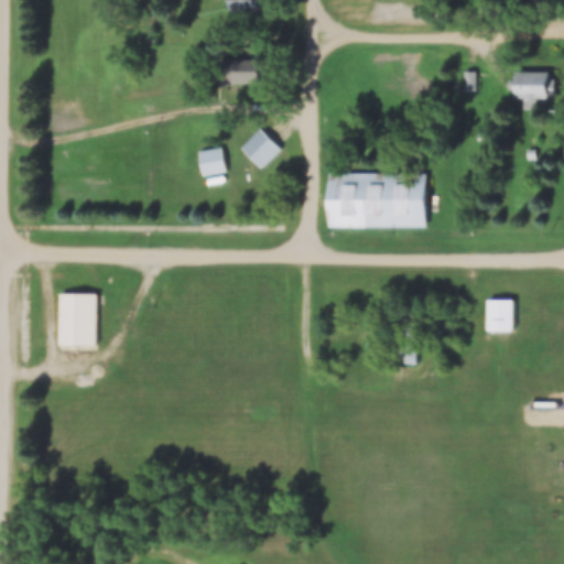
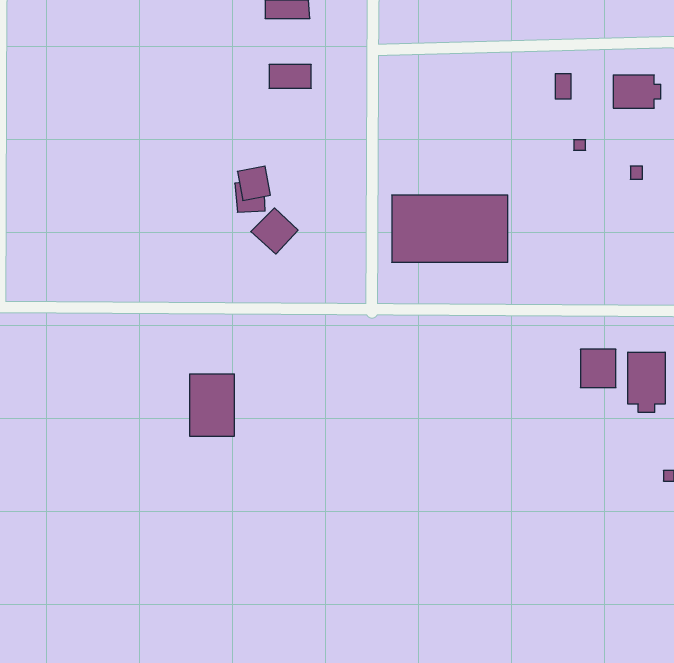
building: [240,130,280,169] -> [251,208,298,254]
building: [59,294,97,346] -> [190,374,234,436]
building: none -> [628,352,665,412]

